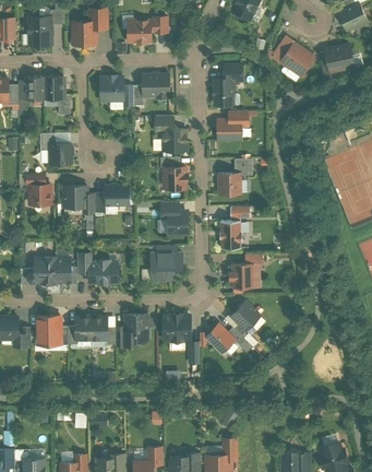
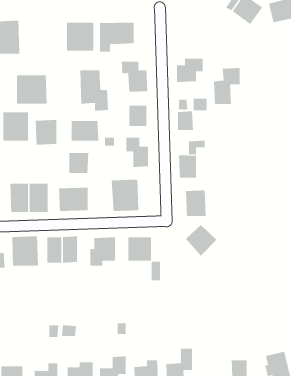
building: [213,64,243,106] -> [213,67,241,104]
building: [43,71,75,117] -> [80,70,109,111]
building: none -> [69,152,89,174]
building: [203,319,240,356] -> none

